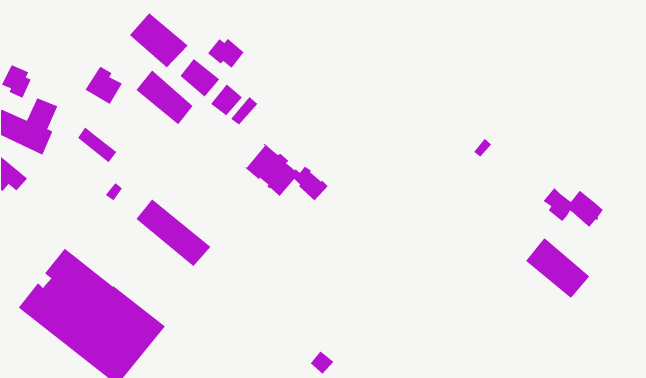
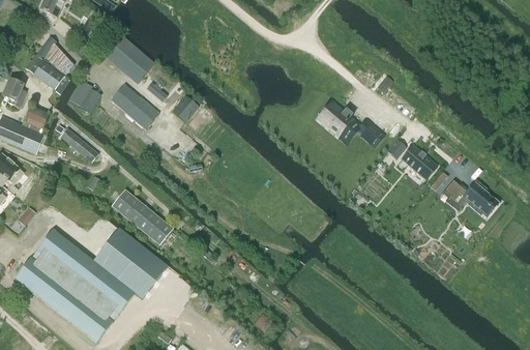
building: none -> [26,35,75,93]
building: [207,38,244,69] -> none
building: [244,143,329,201] -> [316,99,385,147]
building: none -> [402,145,437,178]
building: [525,237,590,299] -> none
building: none -> [93,227,168,298]

